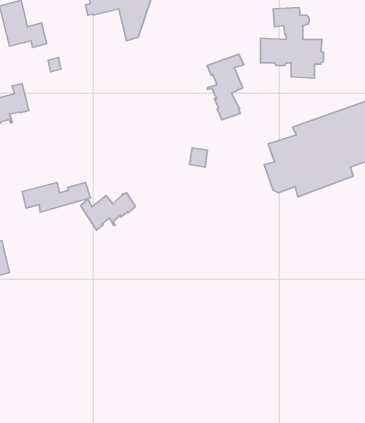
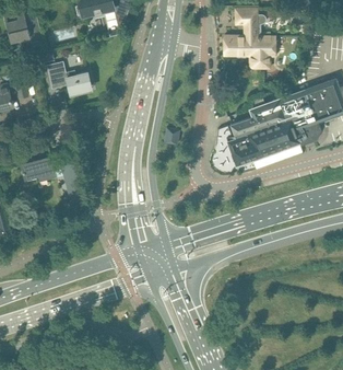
building: [207,54,244,120] -> none
building: none -> [47,61,91,92]
building: [81,192,136,230] -> none

